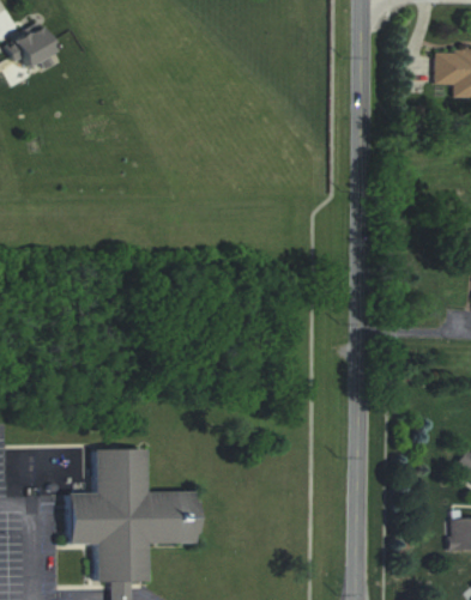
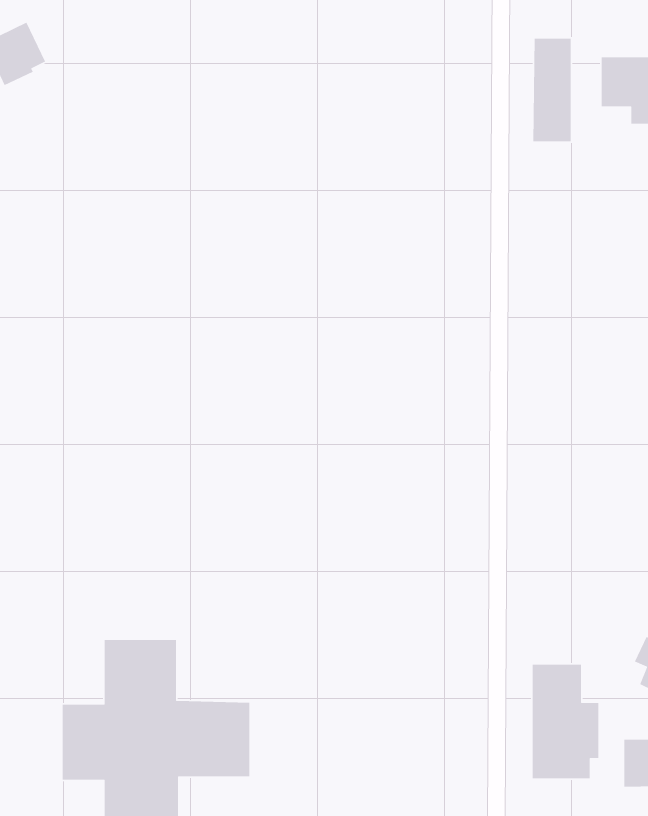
building: none -> [532,38,572,142]
building: none -> [532,664,599,779]

